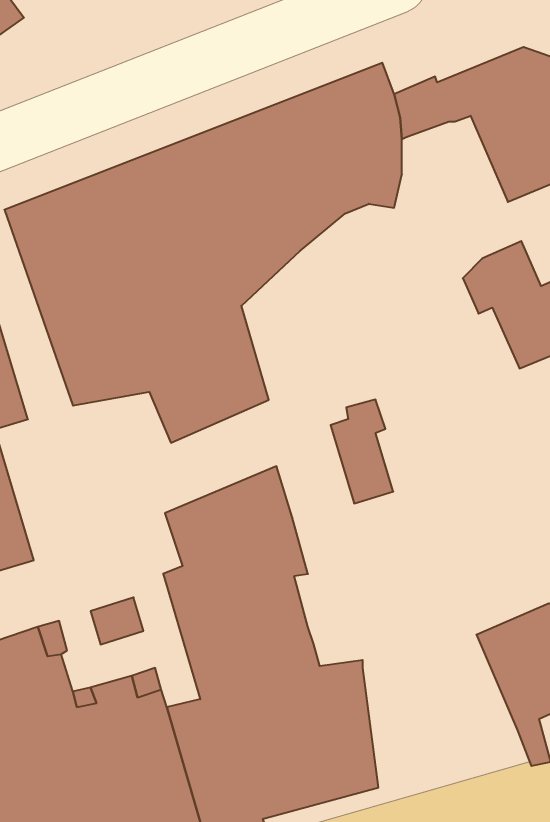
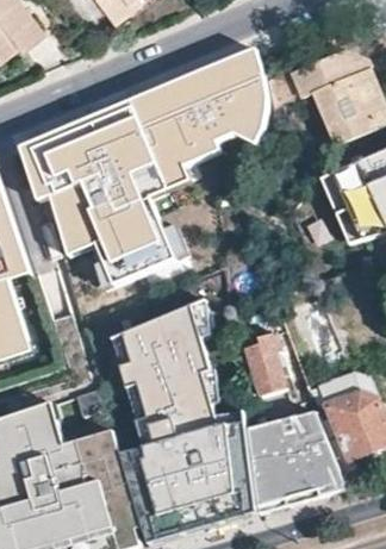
building: [331,400,393,503] -> [243,327,281,391]
building: none -> [243,404,345,510]

